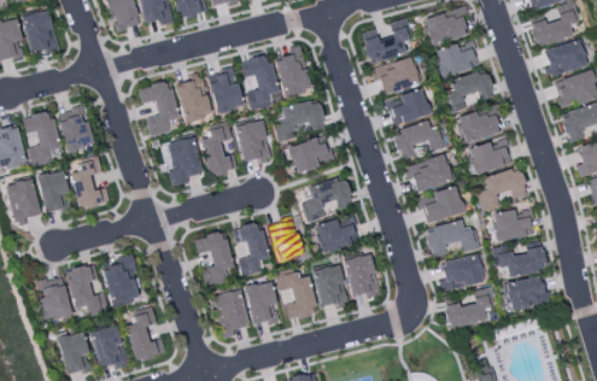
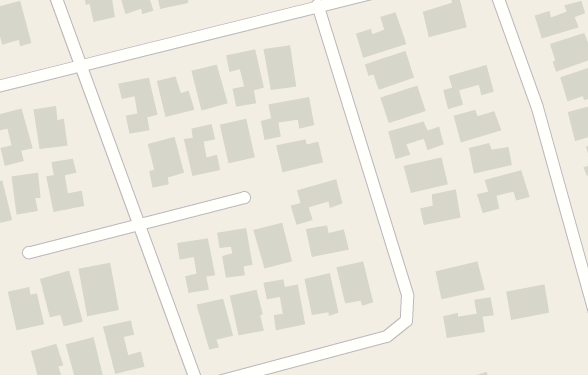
building: [434,43,479,77] -> none
building: [491,210,534,242] -> none
building: [426,222,480,253] -> none
building: [493,247,546,276] -> none

